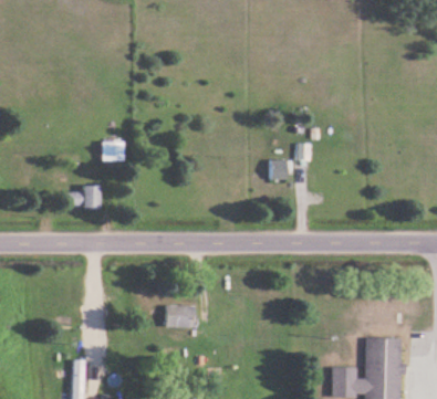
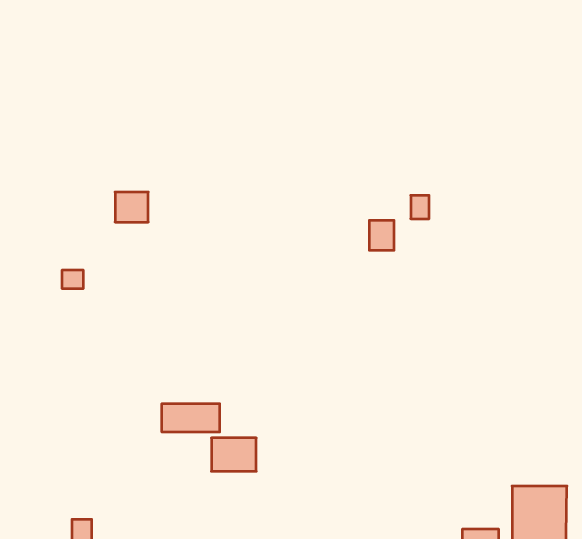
building: [83,185,101,210] -> none
building: none -> [162,404,220,432]

